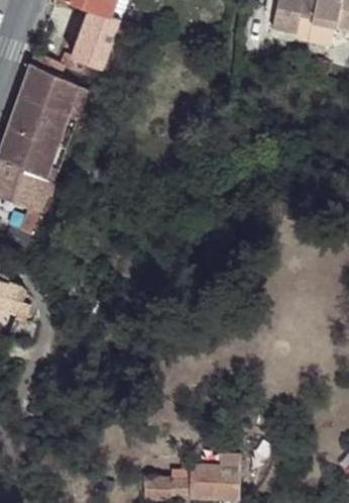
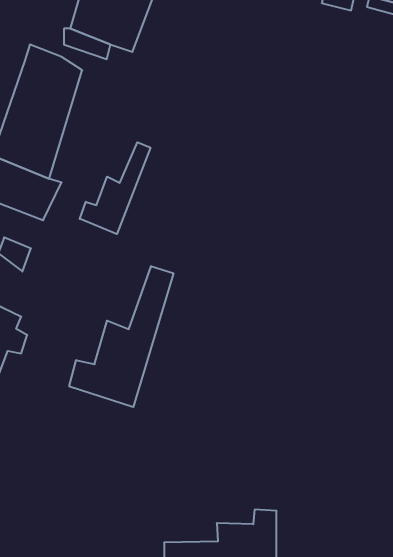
building: none -> [80,142,150,234]
building: none -> [69,266,173,407]

